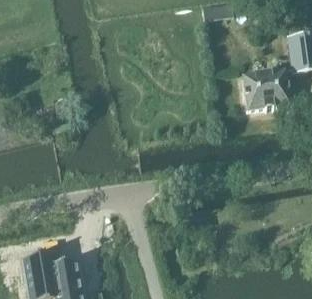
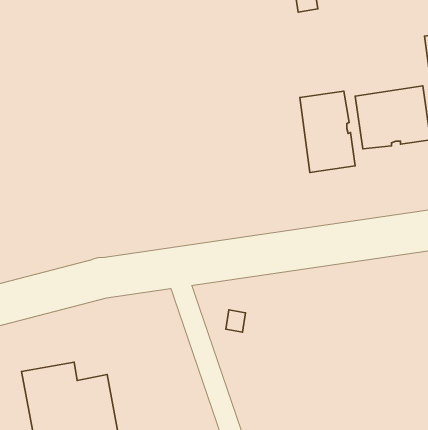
building: none -> [300,91,355,173]

